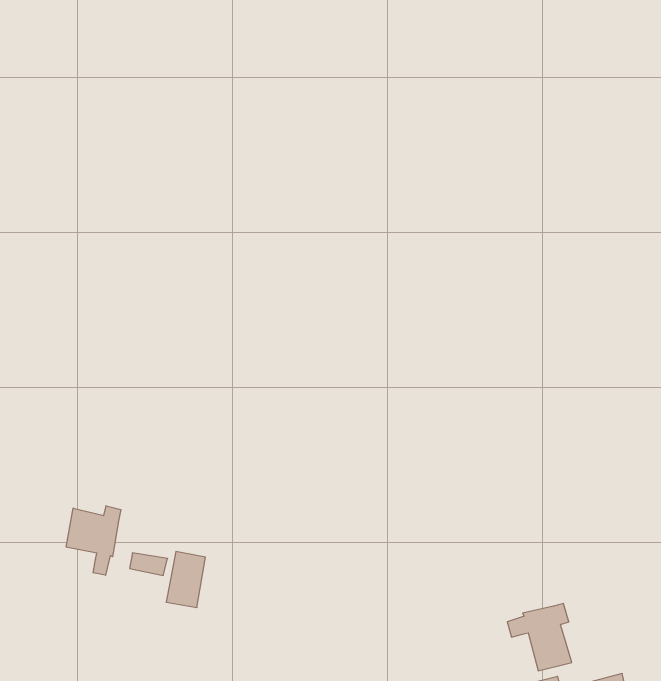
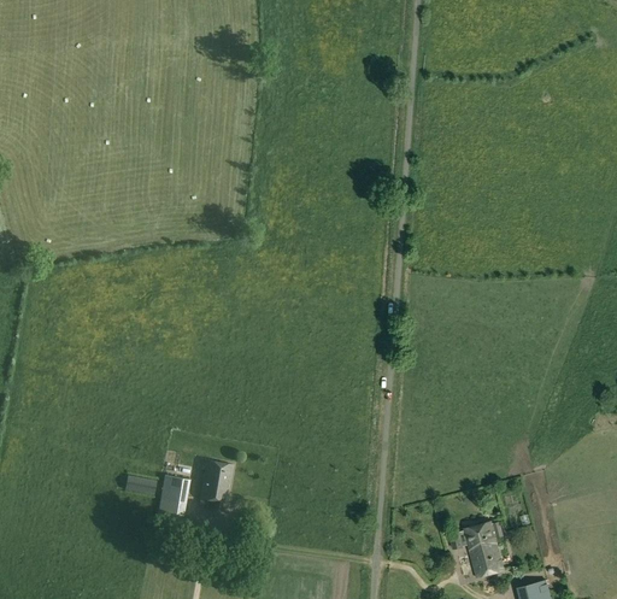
building: [66,506,121,575] -> none
building: none -> [199,460,231,503]

